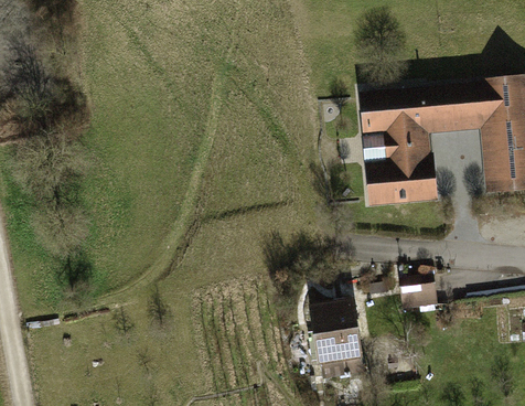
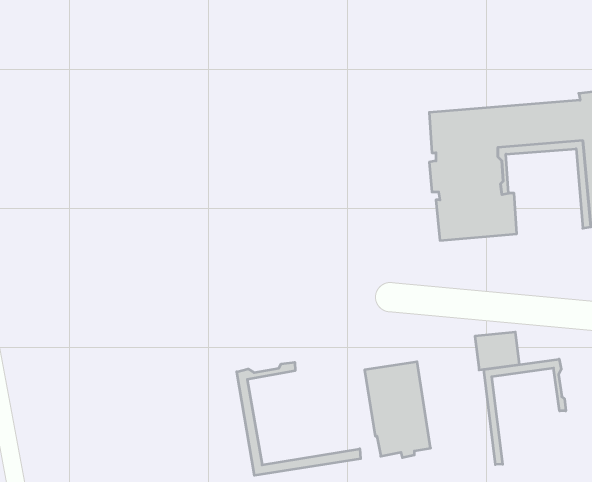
building: none -> [484,359,566,465]
building: none -> [237,362,361,475]

